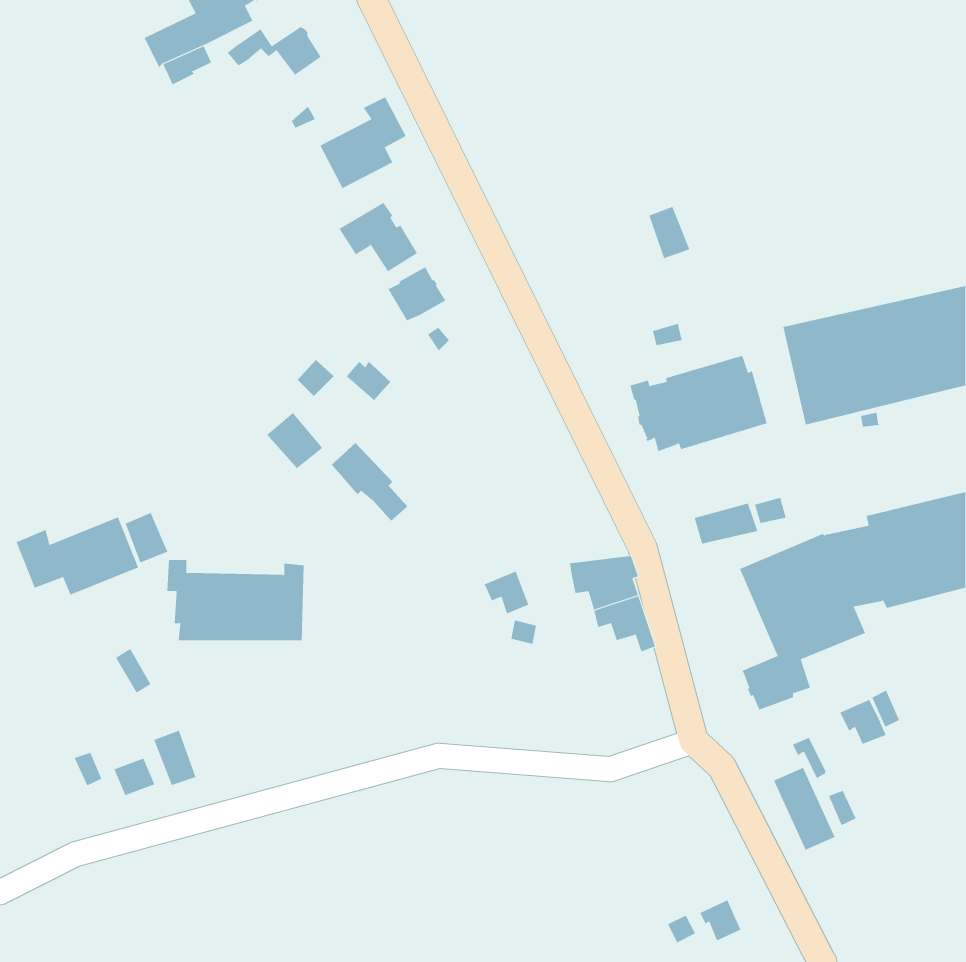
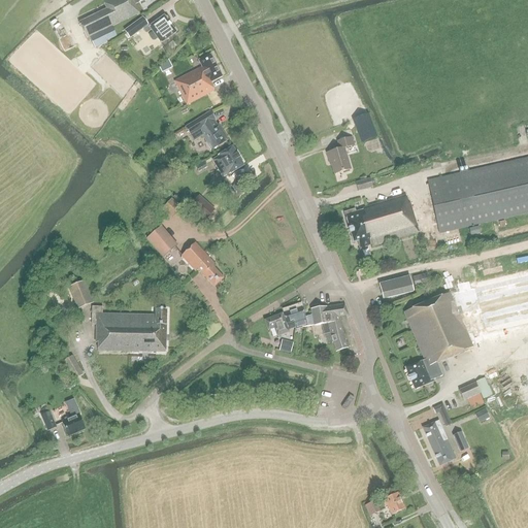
building: none -> [326,135,354,172]
building: [16,516,139,595] -> none
building: none -> [283,305,314,328]
building: [153,730,196,786] -> none

